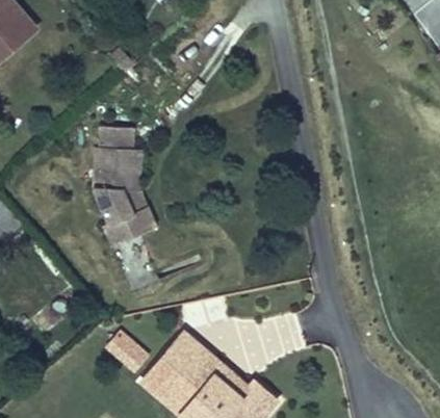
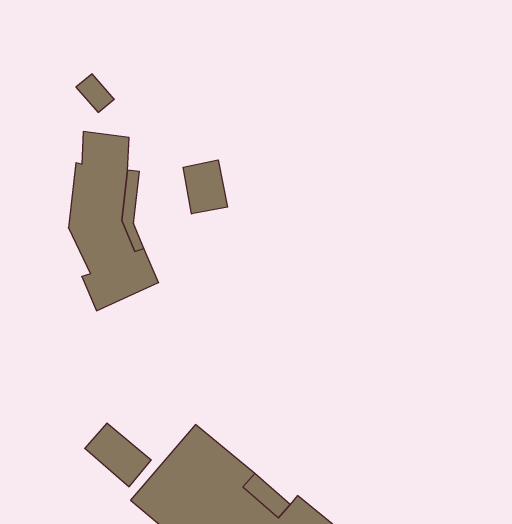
building: none -> [183,160,228,214]

